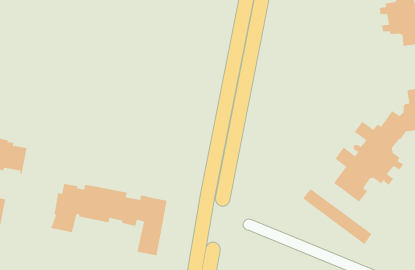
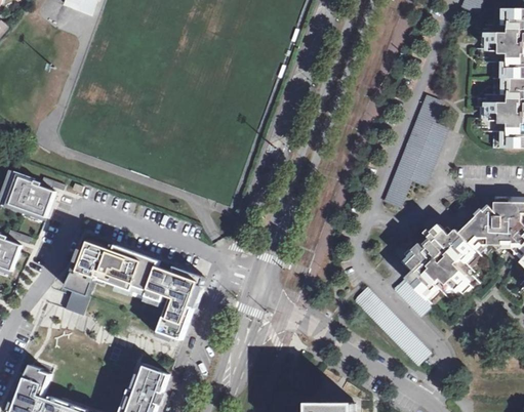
building: none -> [385,97,446,206]
building: none -> [64,289,89,315]

